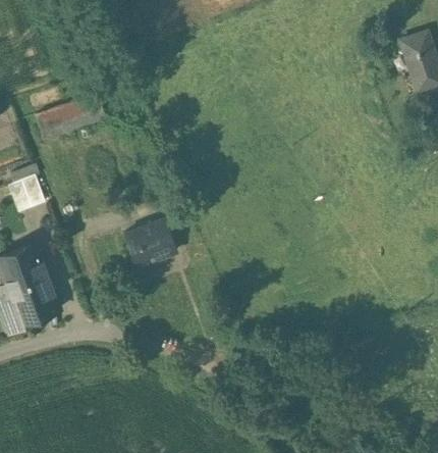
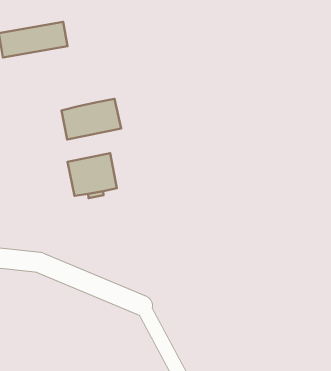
building: none -> [61,99,121,139]

